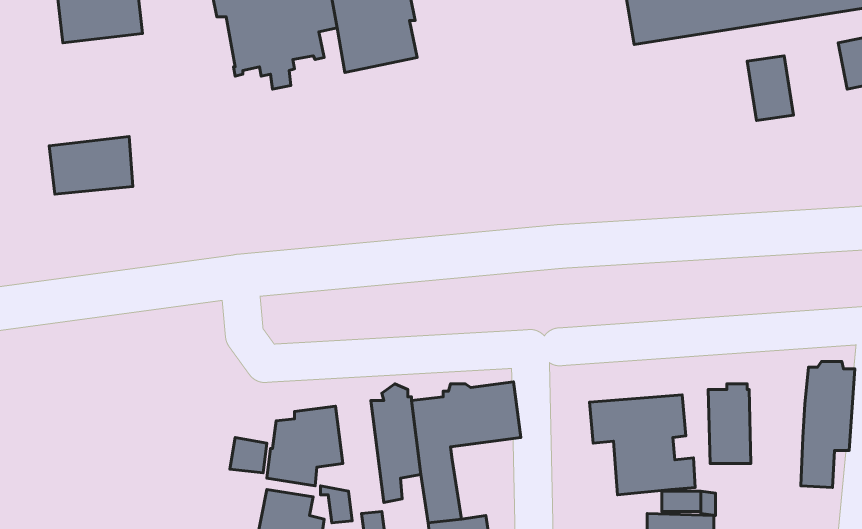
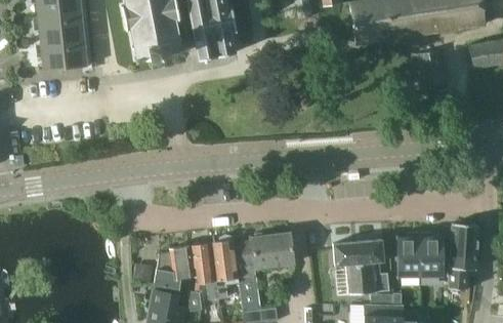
building: [49,137,133,194] -> [41,39,87,71]
building: none -> [420,233,451,277]
building: none -> [192,240,218,299]

